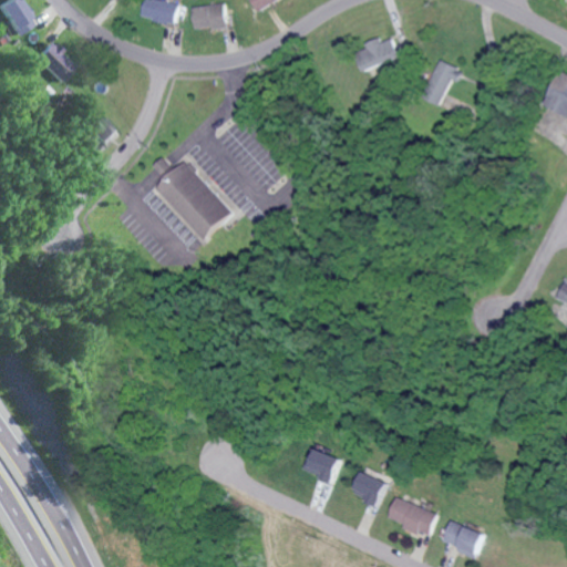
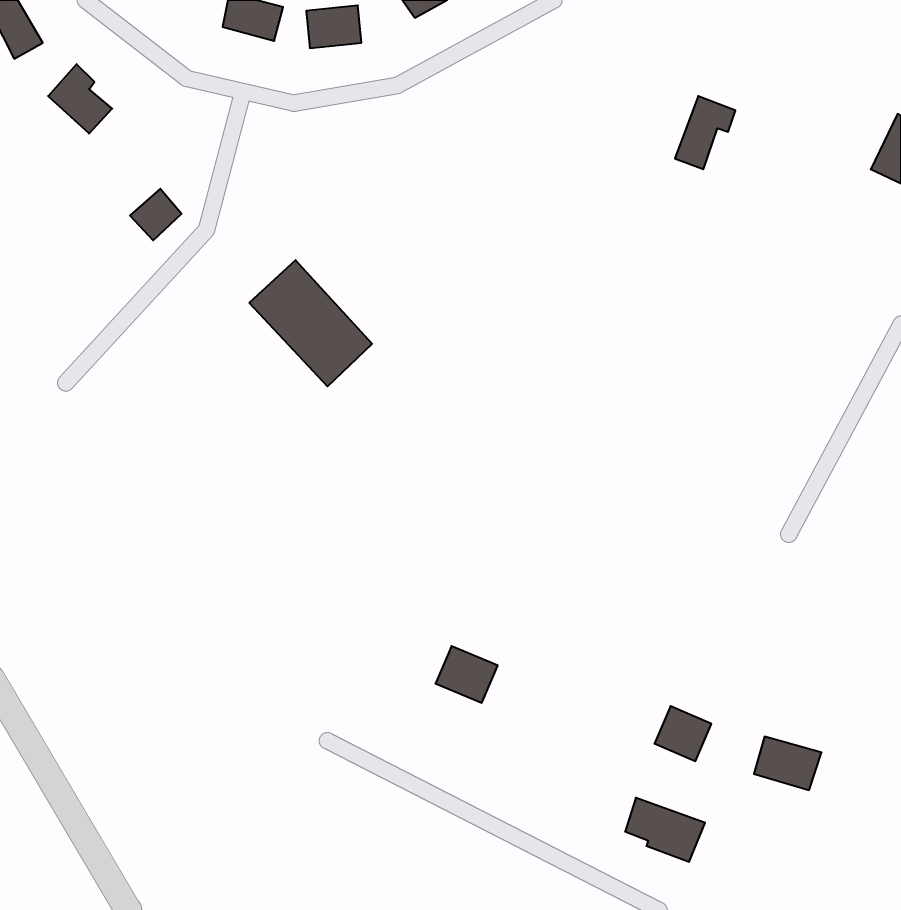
building: [352,39,396,71] -> none
building: [302,445,341,481] -> [435,646,498,703]
building: [353,470,389,504] -> [654,706,711,761]
building: [444,520,486,554] -> [754,737,822,790]

